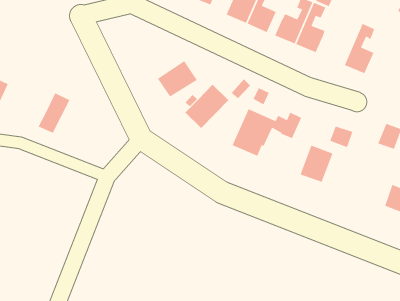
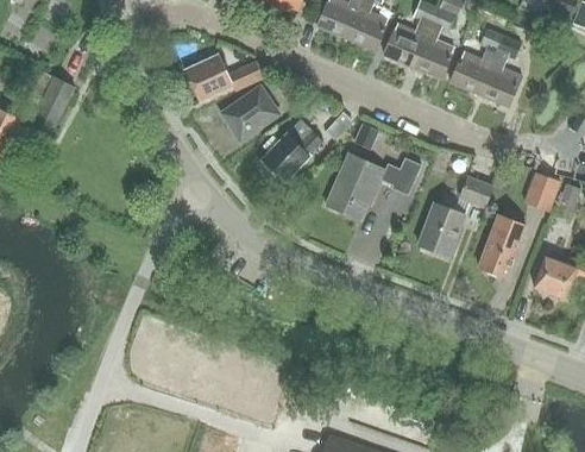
building: none -> [451,29,503,94]
building: none -> [183,54,263,100]
building: [37,92,71,134] -> [29,76,74,133]
building: none -> [478,216,526,277]

